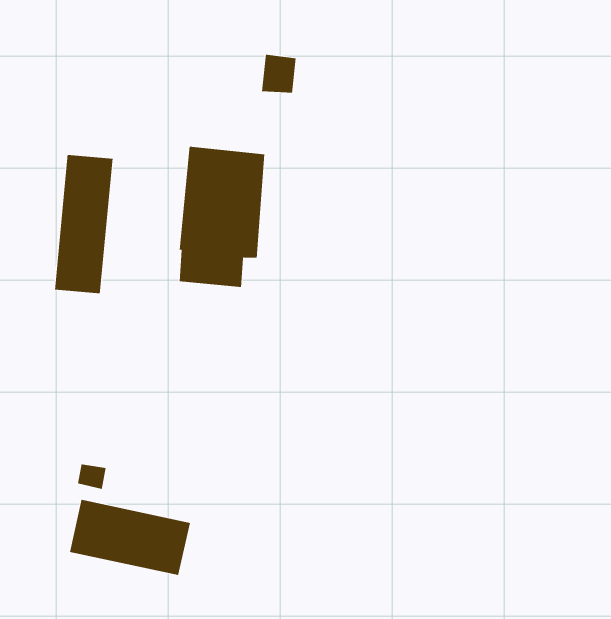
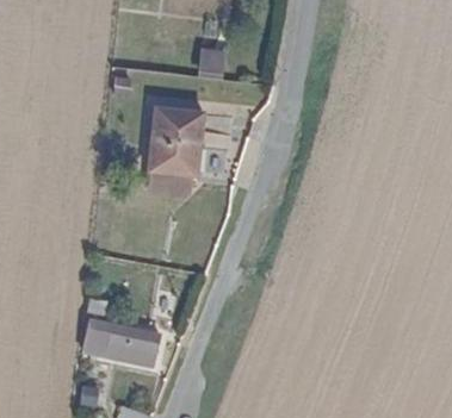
building: [54,154,113,294] -> none

